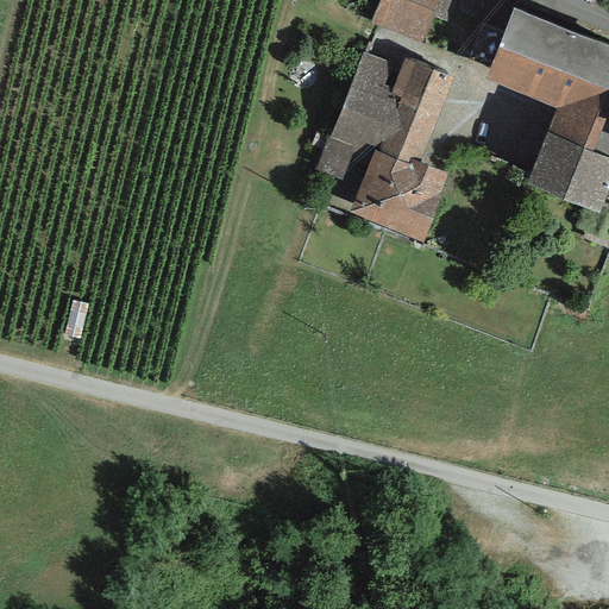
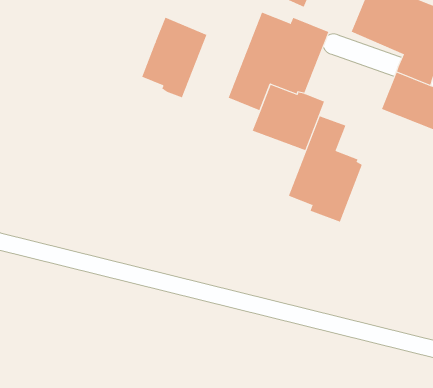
building: none -> [141,17,207,98]
building: none -> [288,115,362,223]

